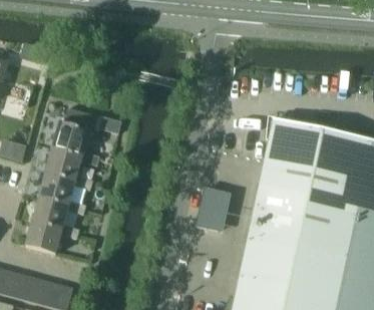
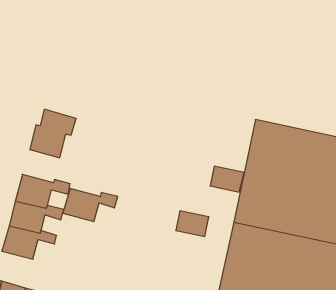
building: [46,147,99,180] -> [63,188,118,221]
building: [199,188,232,213] -> [210,166,244,192]

